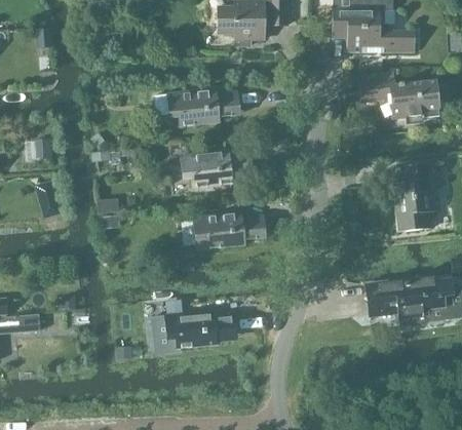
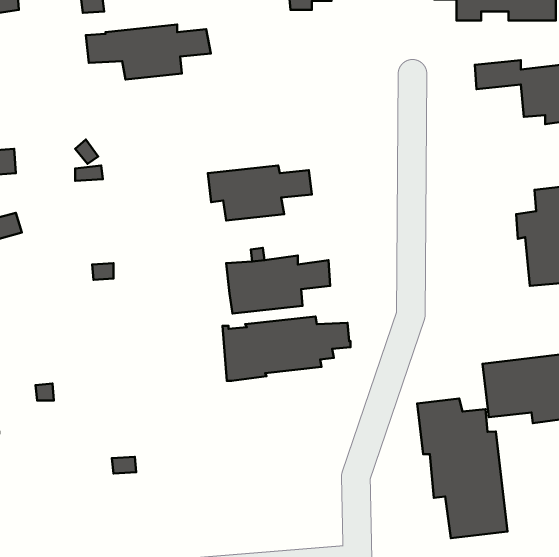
building: [154,88,238,125] -> [86,25,211,79]
building: none -> [417,398,507,538]
building: [150,310,236,353] -> [222,317,351,381]

